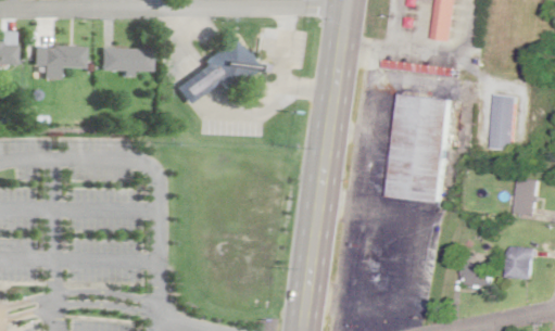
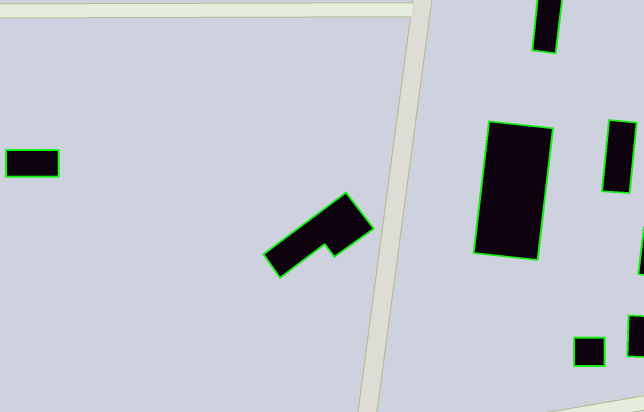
building: [172,40,257,106] -> [263,193,374,278]
building: [37,47,78,67] -> [6,150,59,177]
building: [94,50,144,72] -> none

